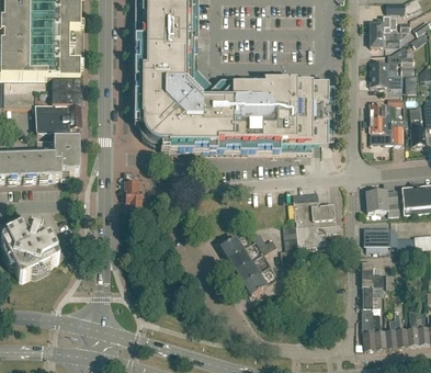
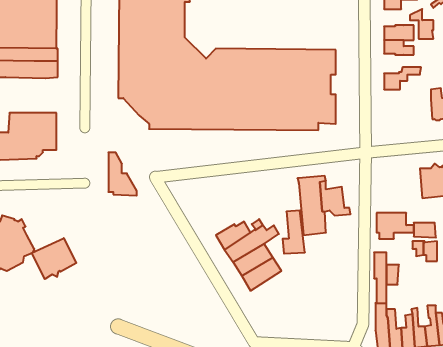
building: [34,105,81,133] -> none
building: [370,116,406,142] -> none
building: [365,188,398,214] -> none
building: none -> [32,238,76,279]

